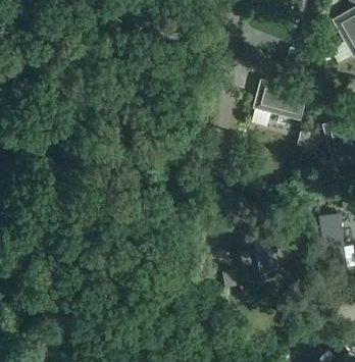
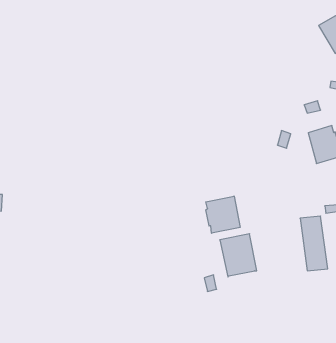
building: [253,81,307,121] -> none
building: none -> [206,196,240,233]

